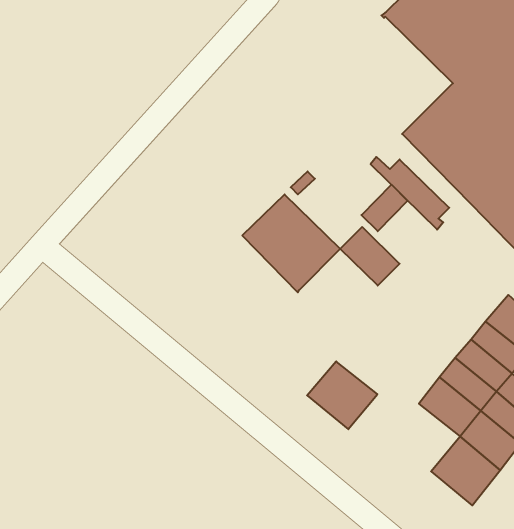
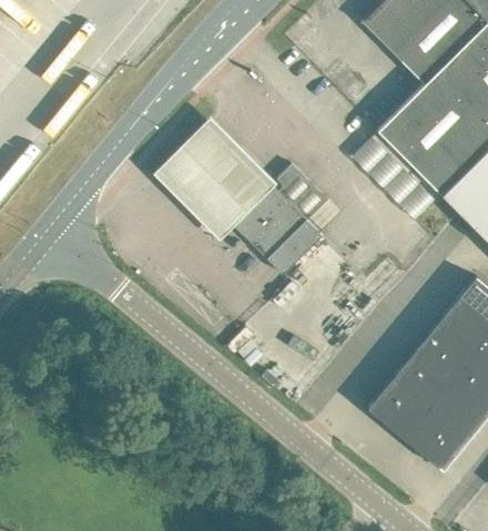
building: none -> [161,123,271,233]
building: [361,185,408,231] -> none
building: [340,227,400,286] -> none
building: [307,361,377,429] -> [367,376,431,438]

